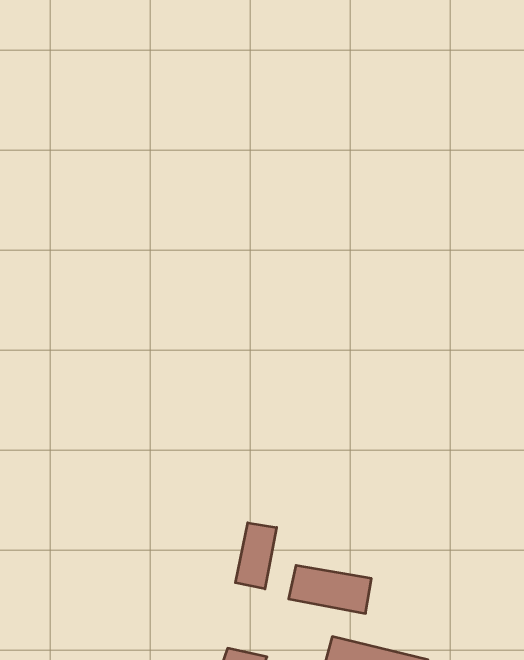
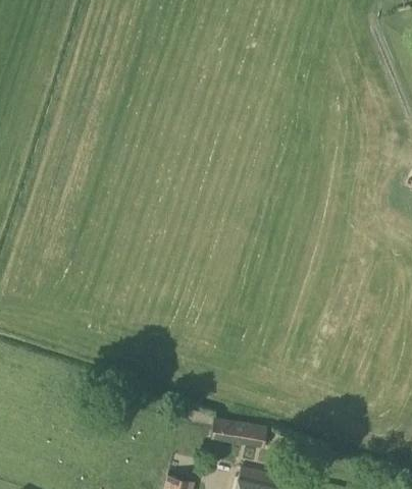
building: [235,523,277,589] -> none

